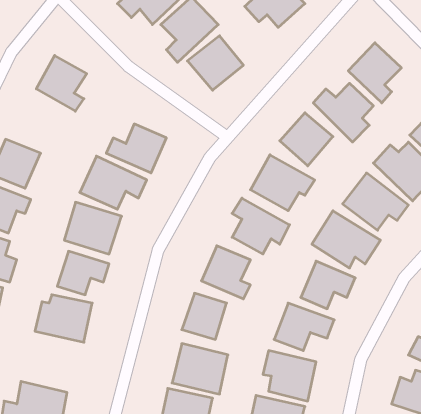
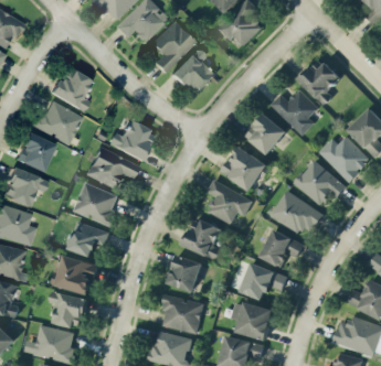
building: none -> [32,101,83,146]
building: none -> [49,290,87,329]

